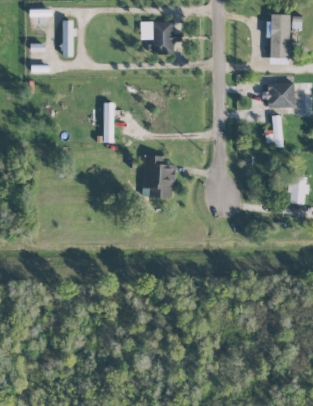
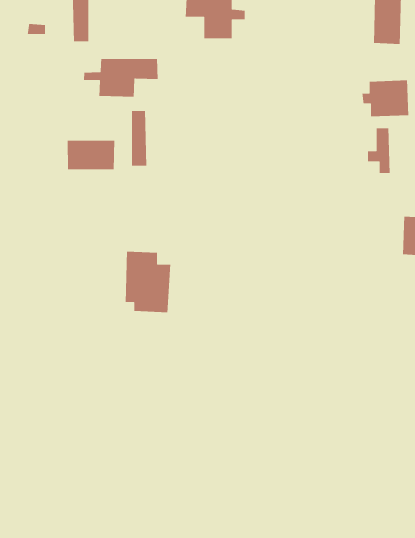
building: none -> [83,58,159,97]
building: none -> [67,140,115,170]
building: [143,155,175,198] -> [125,251,171,313]

